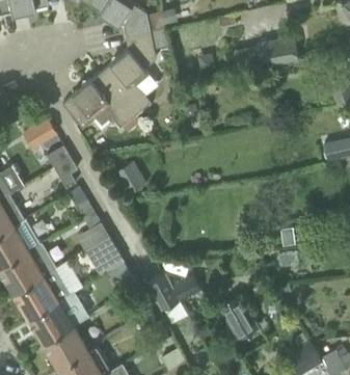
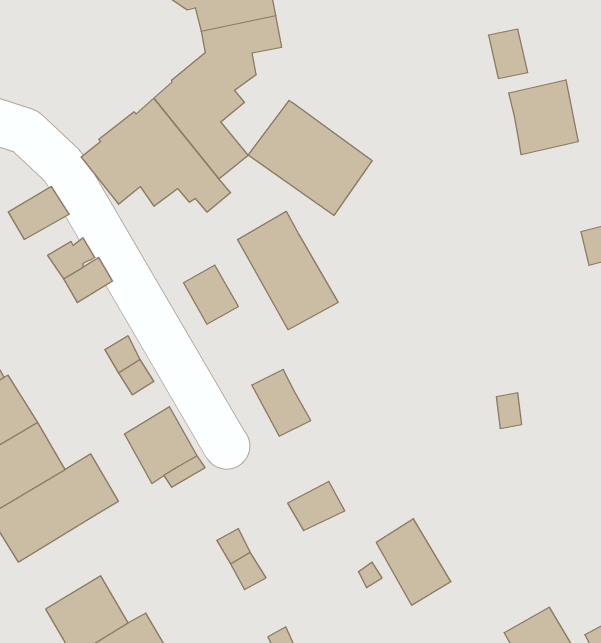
building: none -> [509,80,578,155]
building: none -> [248,100,372,215]
building: none -> [238,211,338,330]
building: [149,274,180,310] -> [252,369,311,436]
building: [29,292,87,343] -> none

